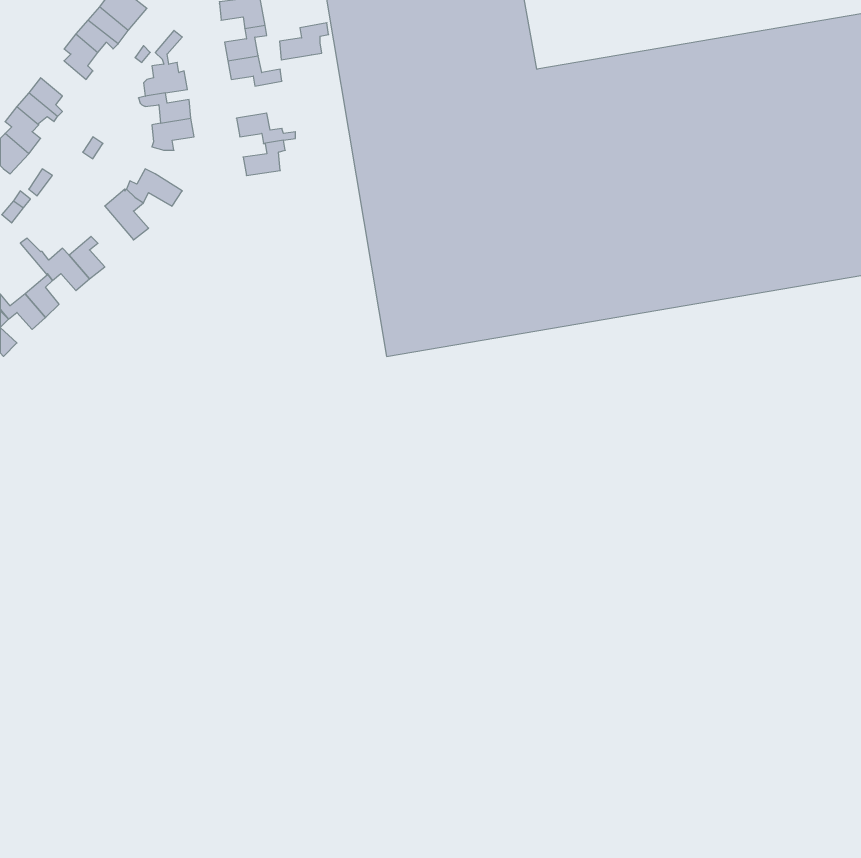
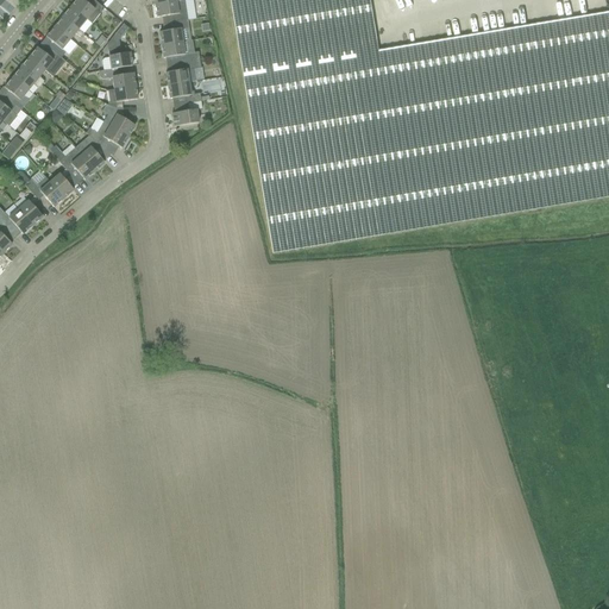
building: [280,23,329,60] -> [167,57,201,83]
building: none -> [30,43,65,74]
building: none -> [102,102,136,134]
building: none -> [59,145,95,177]

